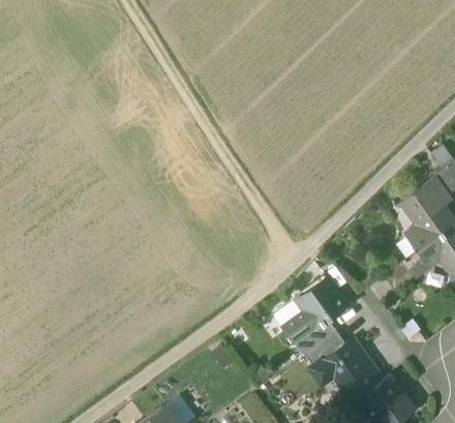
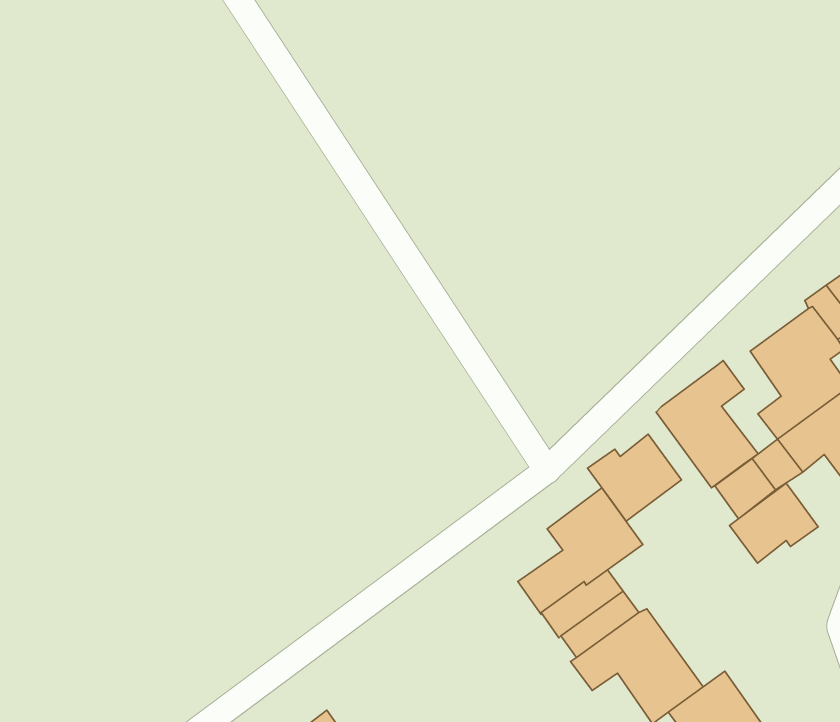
building: none -> [656,361,758,488]
building: none -> [587,434,681,521]
building: none -> [730,483,818,563]

